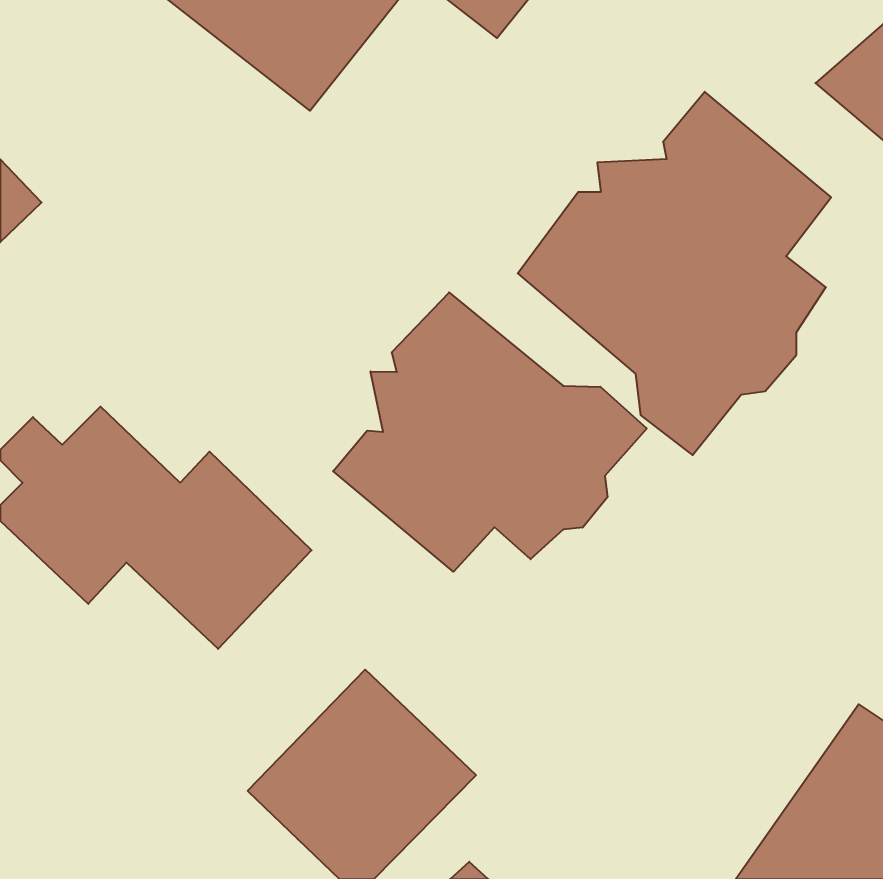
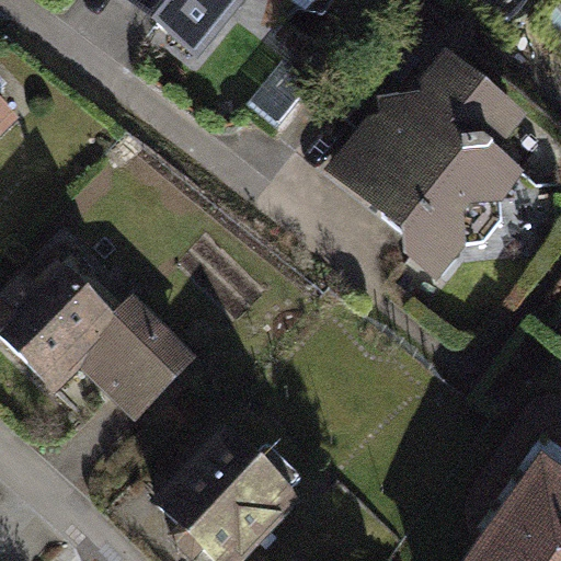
building: [333,292,647,572] -> none

